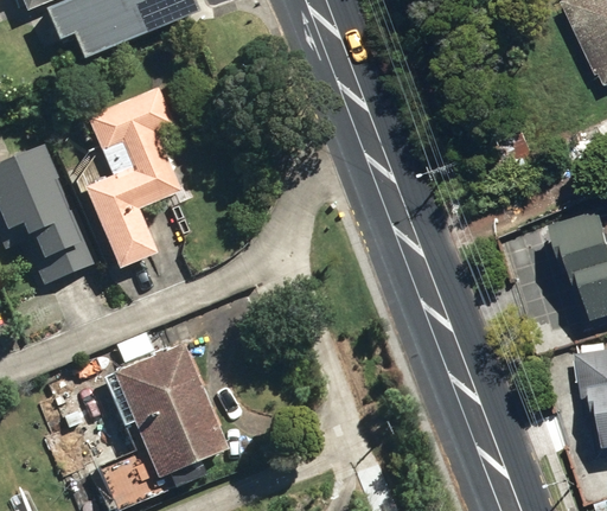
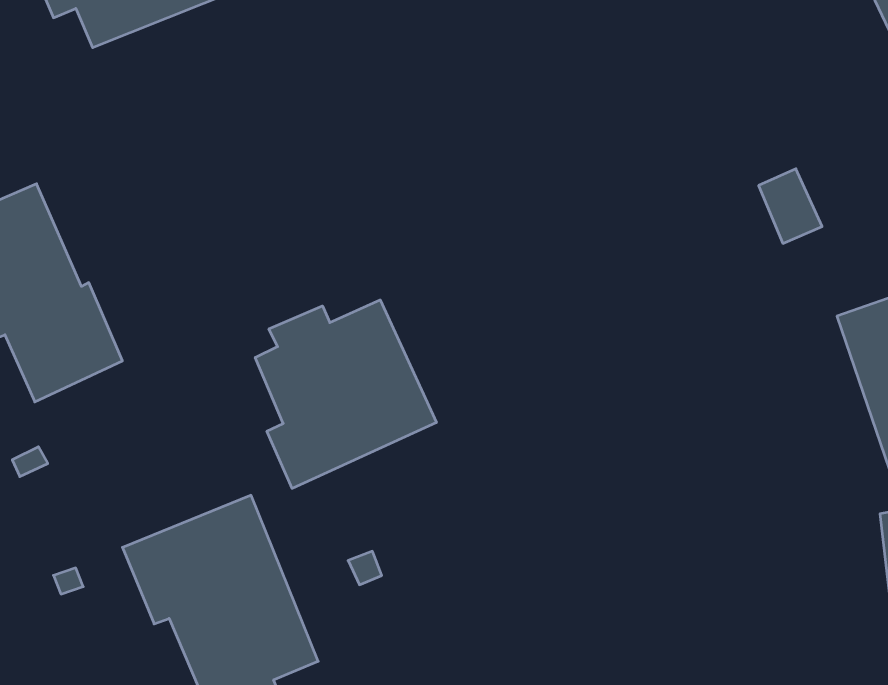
building: [79,84,183,270] -> none
building: none -> [255,300,436,488]

